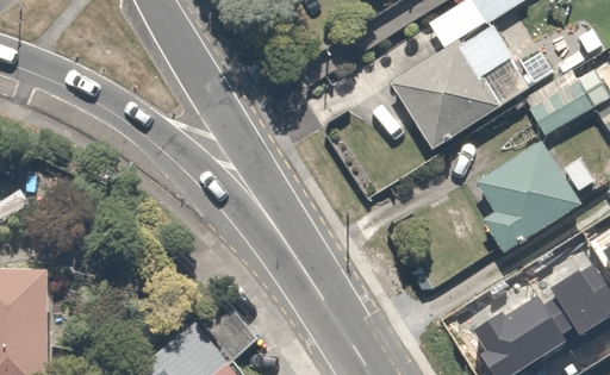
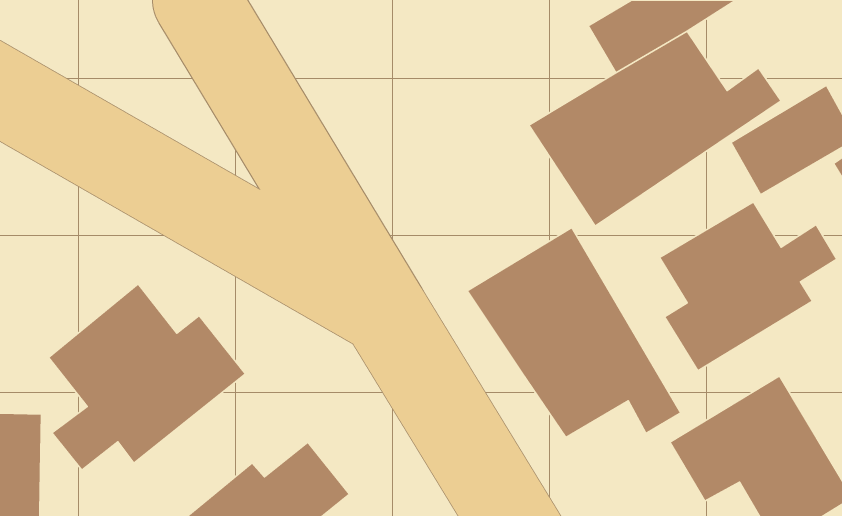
building: none -> [467,228,681,437]
building: none -> [48,284,245,470]

